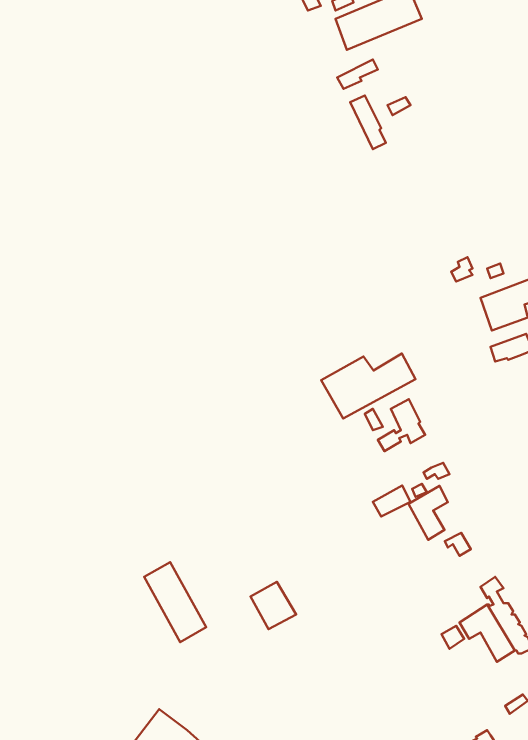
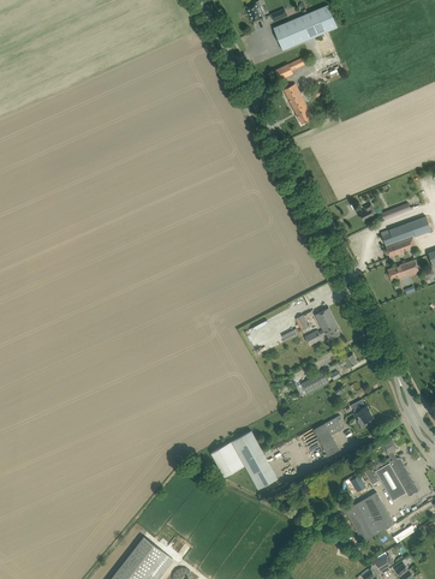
building: [321,354,416,419] -> none
building: [409,486,448,540] -> [314,417,342,456]
building: [144,562,206,642] -> [232,430,278,489]
building: none -> [345,491,394,542]

